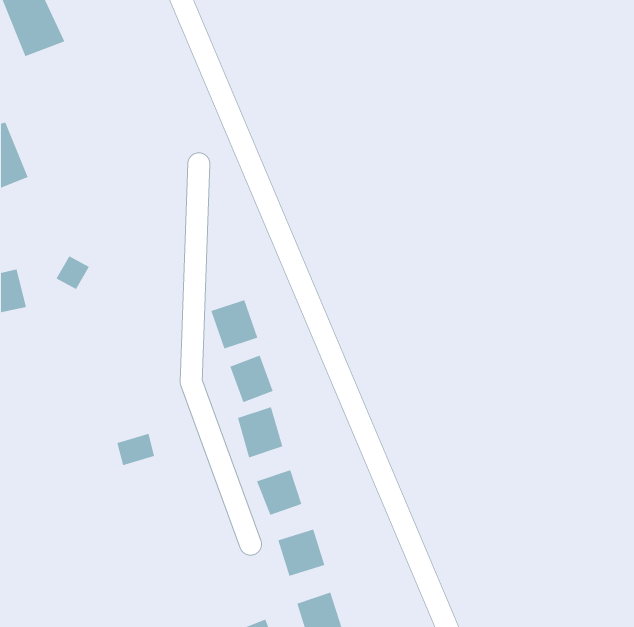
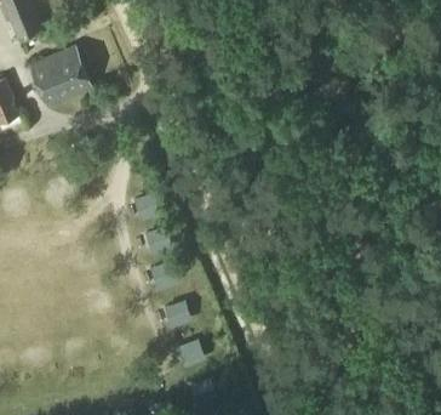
building: none -> [29,46,91,106]

